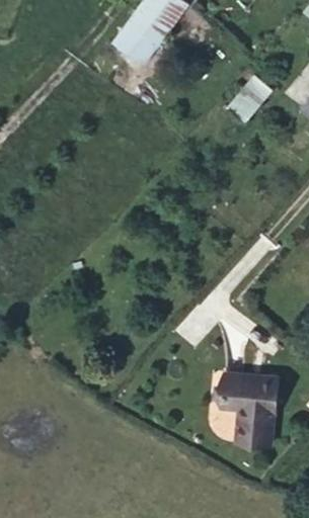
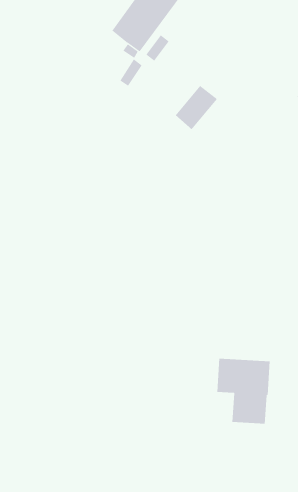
building: [228,76,272,121] -> [175,85,218,130]

